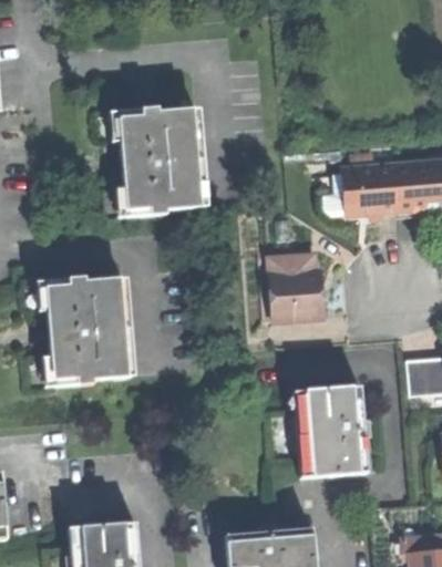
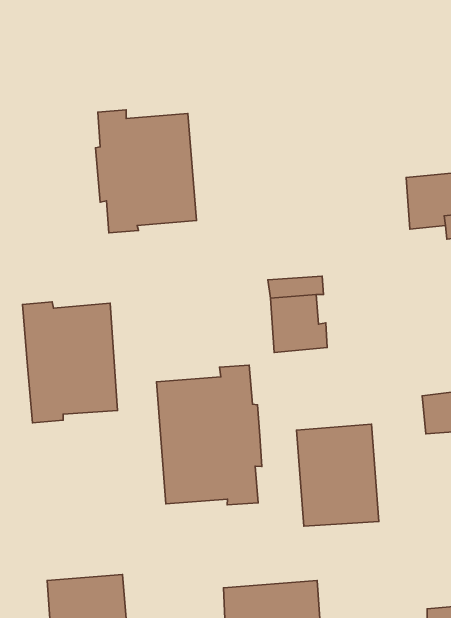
building: [340,165,394,216] -> none
building: none -> [157,365,262,505]

